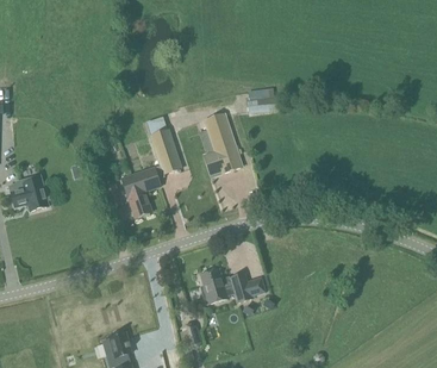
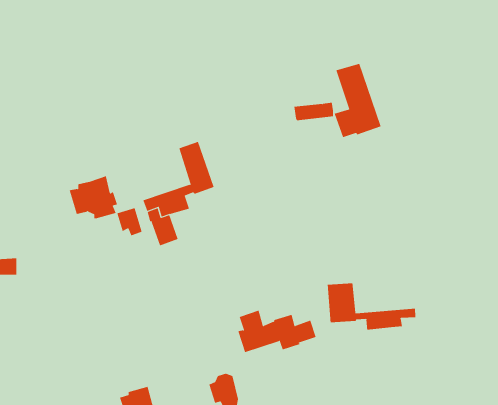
building: [204,112,243,174] -> [334,63,381,138]
building: [10,174,50,210] -> [69,176,118,219]
building: none -> [327,282,416,331]

